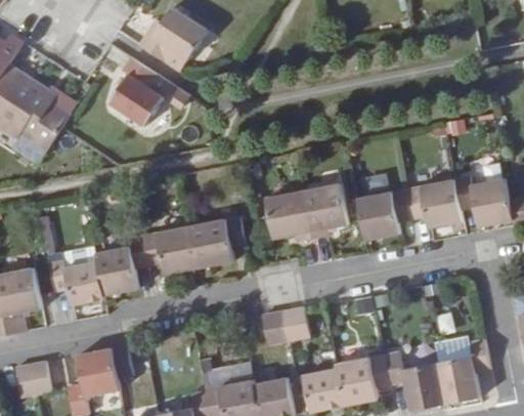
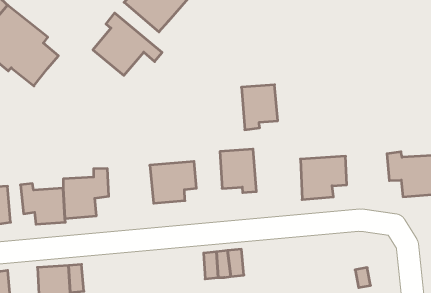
building: [407,180,462,231] -> none
building: [303,185,348,240] -> [241,85,278,130]
building: [142,224,199,274] -> none

